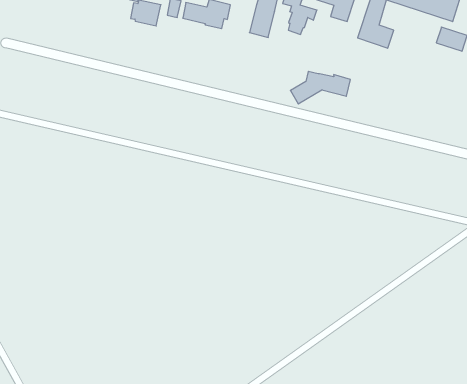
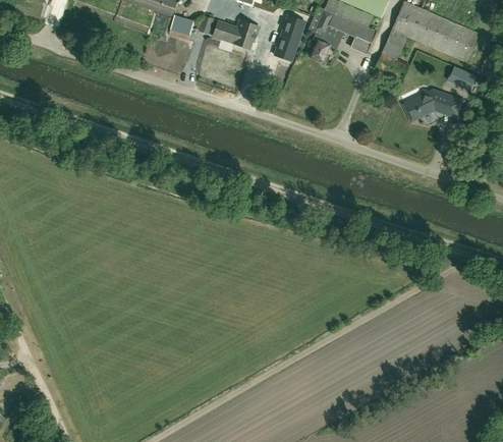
building: [290,71,350,104] -> [405,90,462,119]

